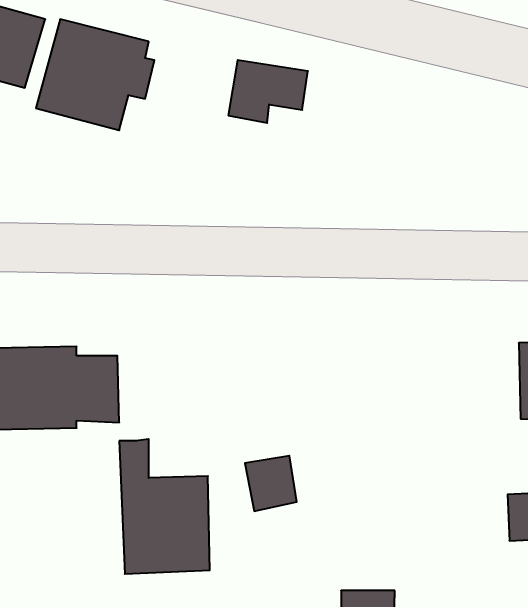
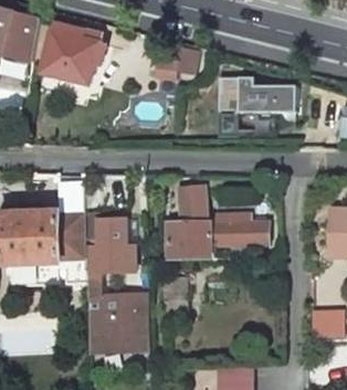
building: none -> [221,77,299,114]
building: none -> [170,189,269,257]
building: none -> [95,217,137,271]

